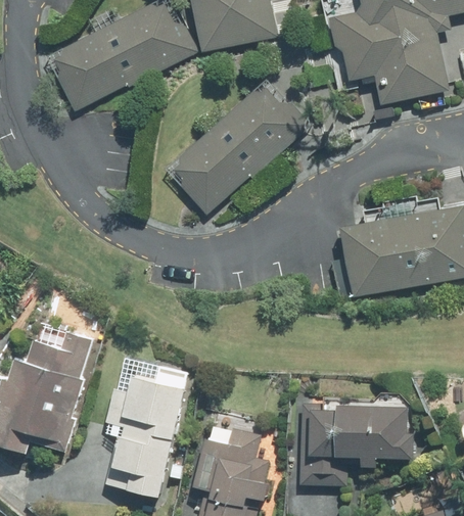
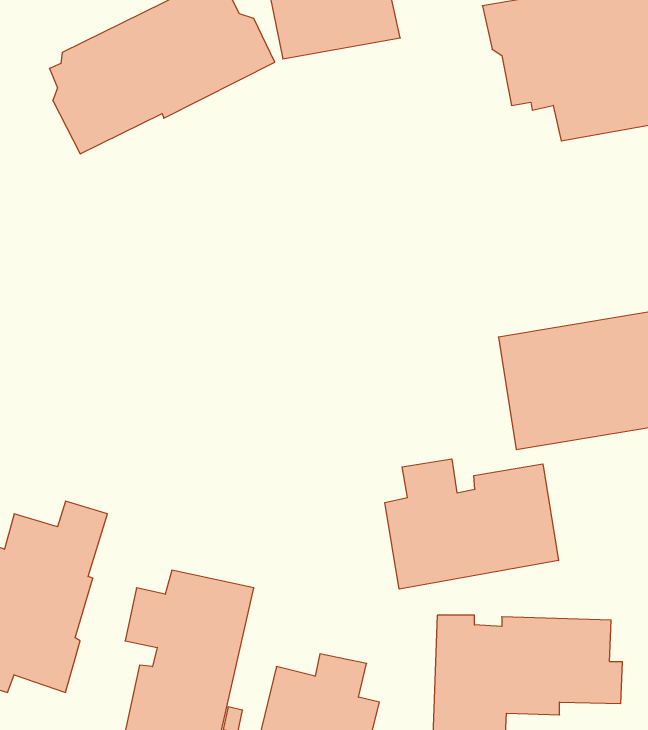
building: [173,86,310,214] -> none
building: none -> [385,459,559,589]

